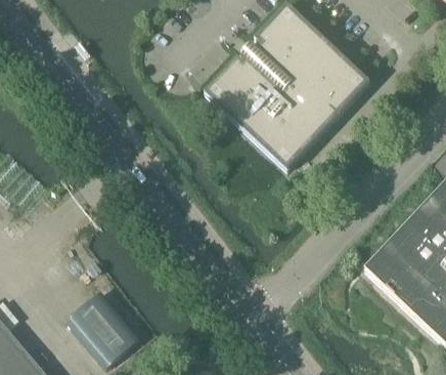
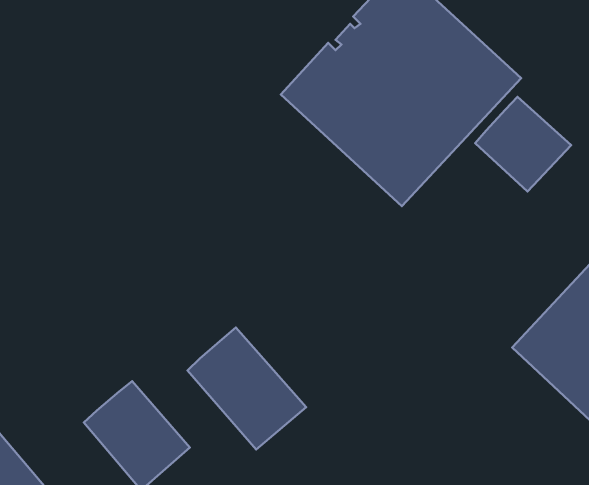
building: none -> [475,97,571,191]
building: none -> [188,327,306,450]

